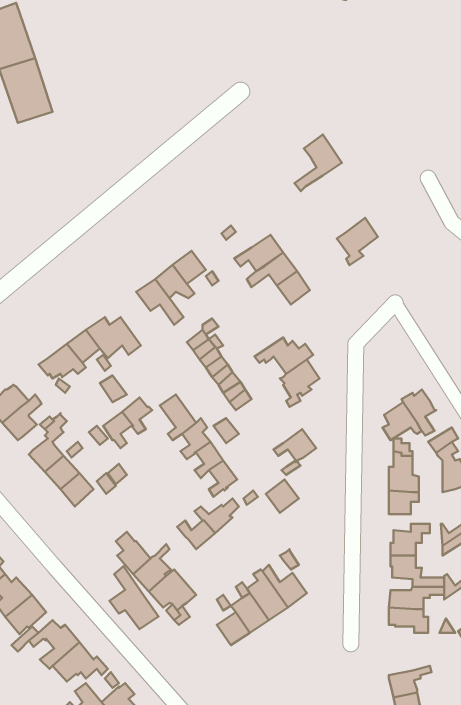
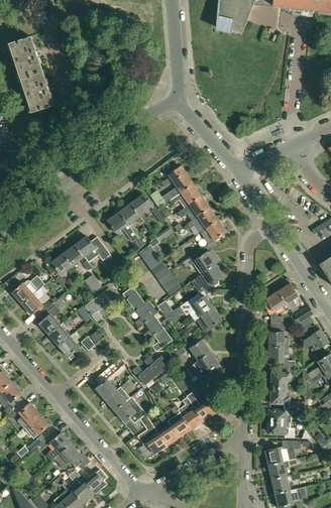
building: [295,134,342,191] -> [162,165,193,202]
building: [337,218,378,265] -> [200,219,226,249]
building: none -> [180,292,213,321]
building: none -> [193,352,219,382]
building: [109,566,158,629] -> [136,413,168,454]
building: none -> [264,440,300,465]

